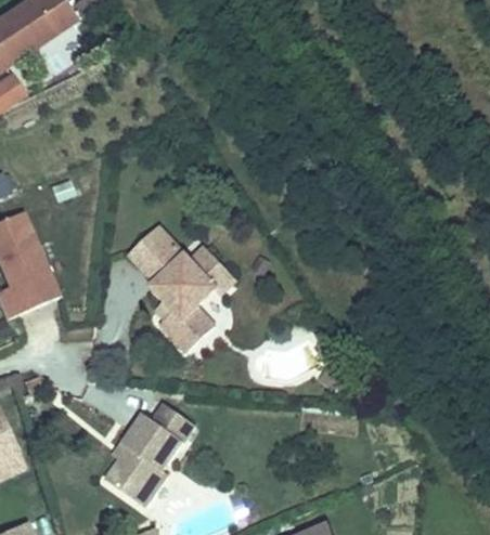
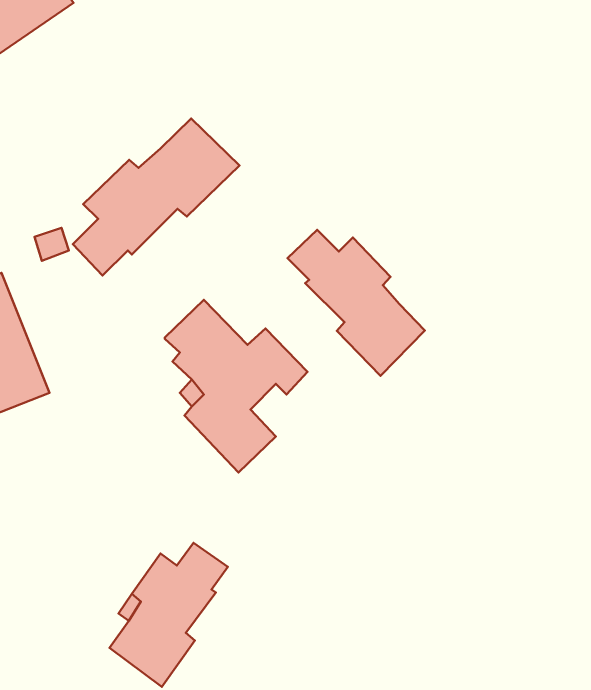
building: none -> [73,119,239,276]
building: none -> [288,230,425,376]

